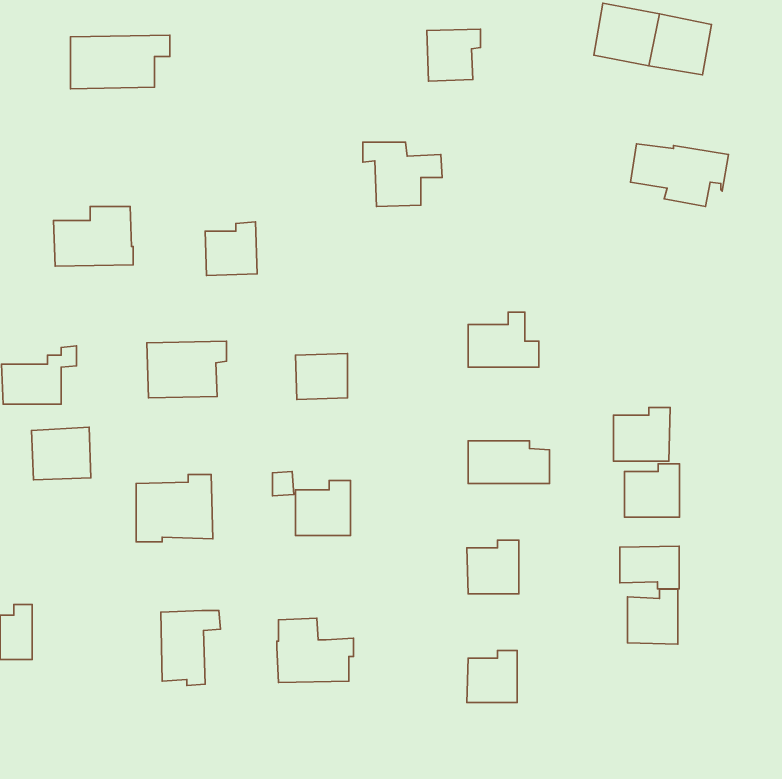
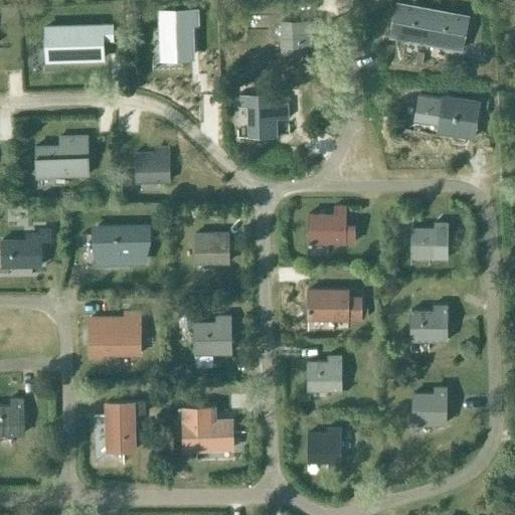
building: none -> [162,13,198,77]
building: [614,408,670,461] -> [410,224,448,260]
building: [32,427,91,480] -> none
building: [620,546,679,589] -> none

